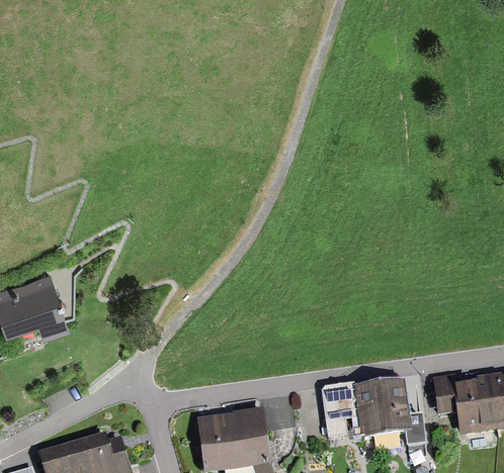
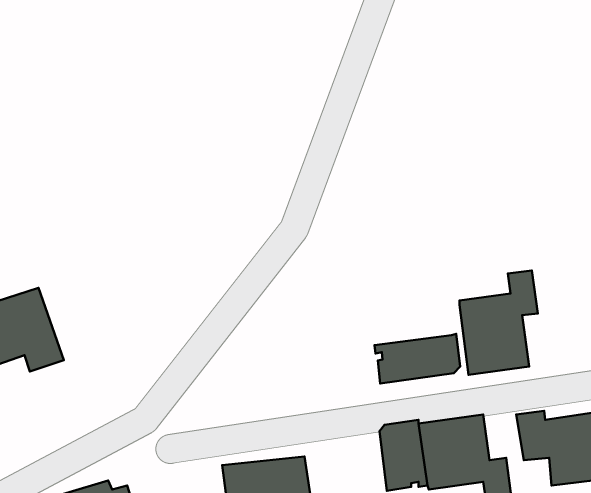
building: none -> [459,271,538,375]
building: none -> [375,334,460,384]

